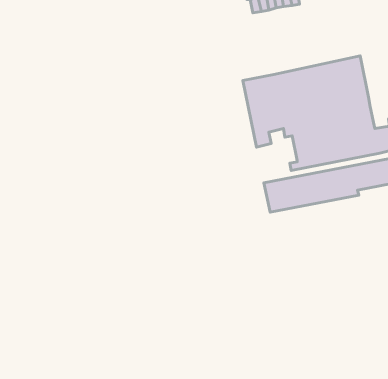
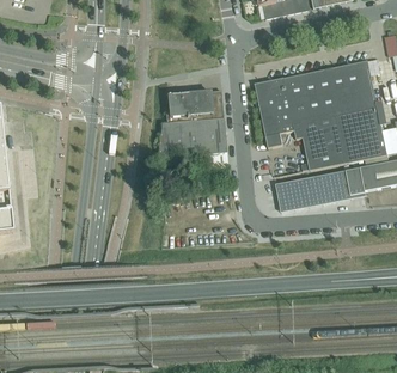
building: none -> [158,88,228,167]

